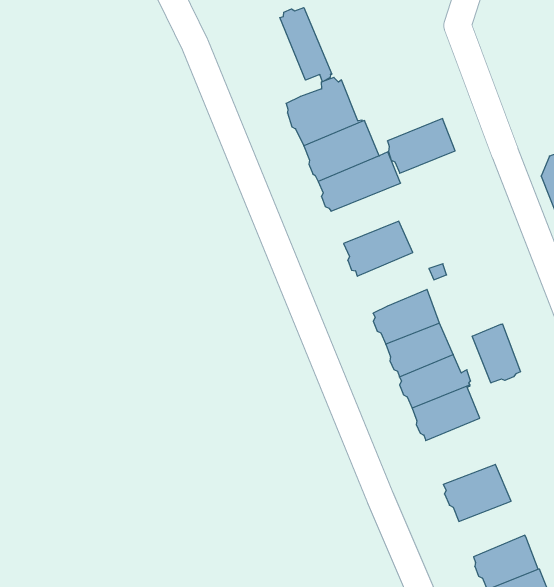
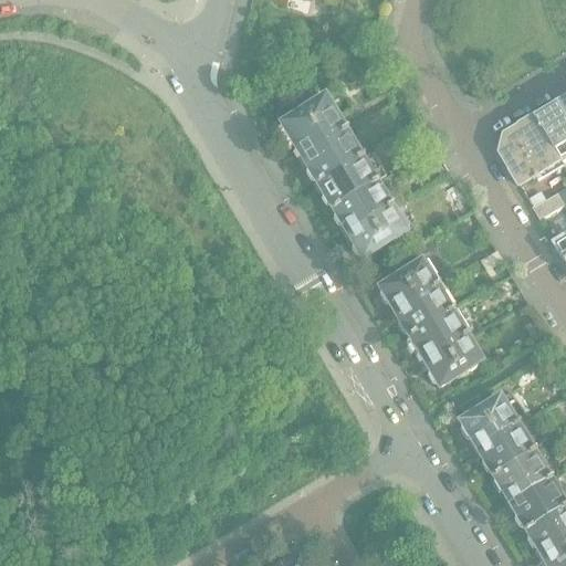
building: [280,8,332,82] -> none
building: [387,119,455,173] -> [332,178,389,229]
building: [472,324,521,383] -> none
building: none -> [476,422,548,473]

